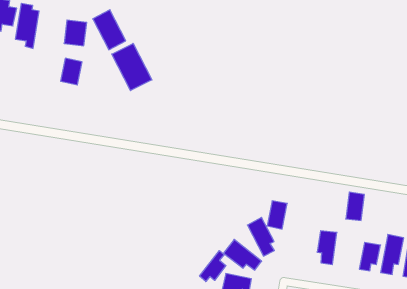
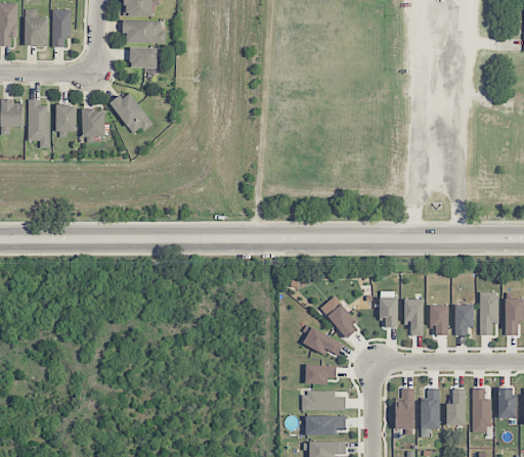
building: [112,43,152,91] -> none
building: [61,58,82,85] -> [55,104,76,132]
building: [346,192,364,220] -> [430,305,448,335]
building: [267,201,287,229] -> [380,298,398,327]
building: [200,251,226,282] -> none

